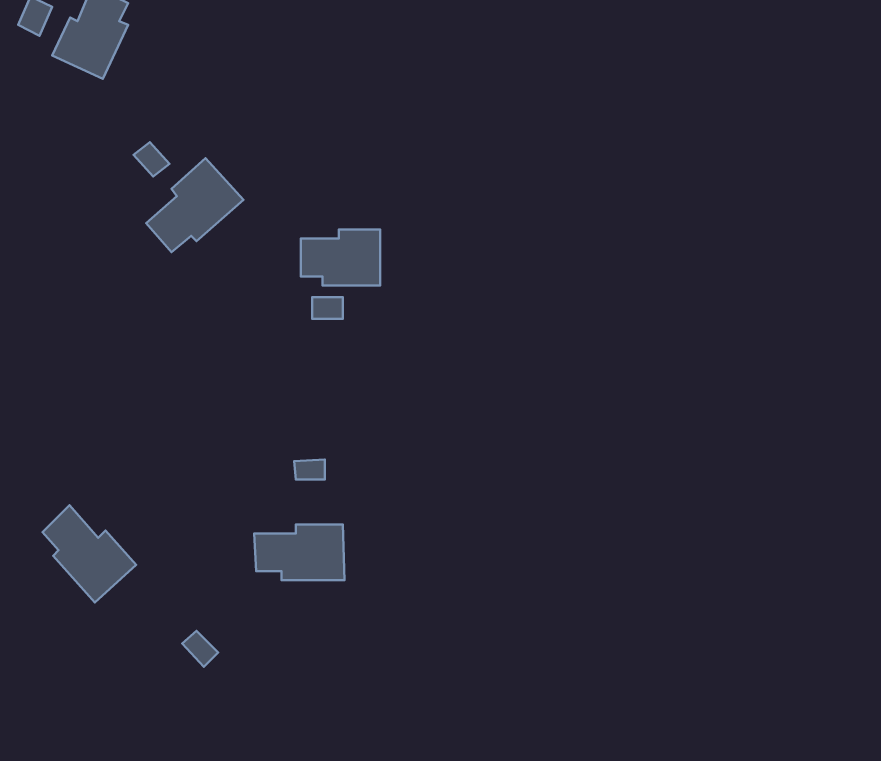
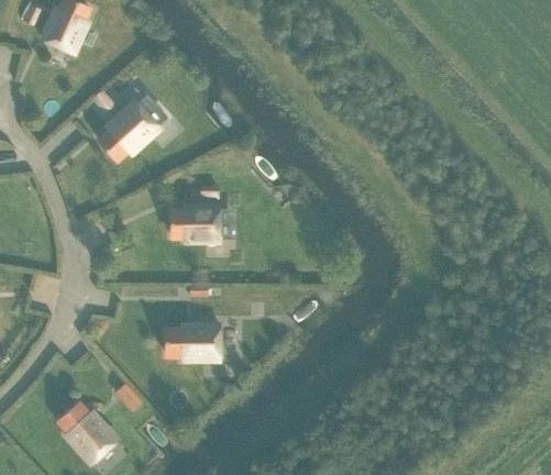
building: [301,230,380,286] -> [169,203,218,238]
building: [42,505,136,603] -> [58,400,115,460]

